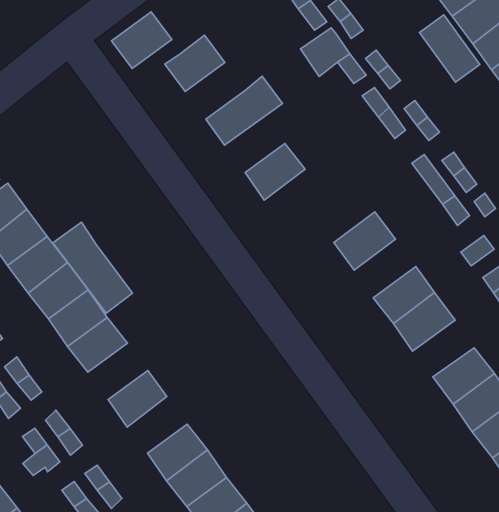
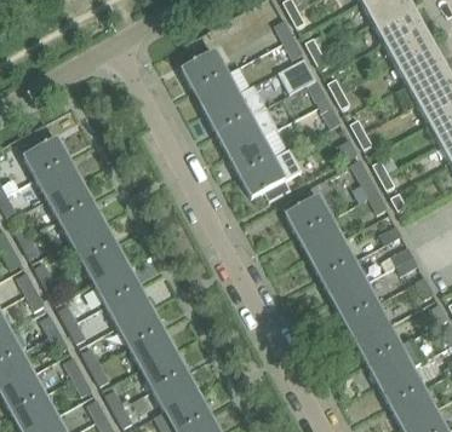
building: [112,12,172,68] -> [194,73,238,111]
building: [420,15,480,82] -> none
building: none -> [217,108,275,154]
building: none -> [240,148,302,196]
building: [53,222,132,313] -> none
building: none -> [298,217,343,257]
building: none -> [332,281,377,319]
building: none -> [96,265,139,304]
building: none -> [119,307,162,346]

